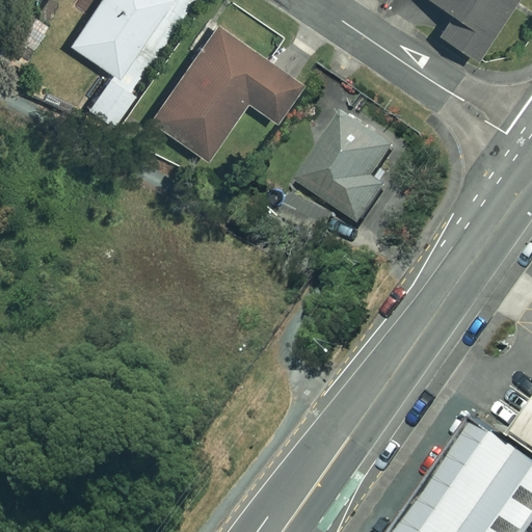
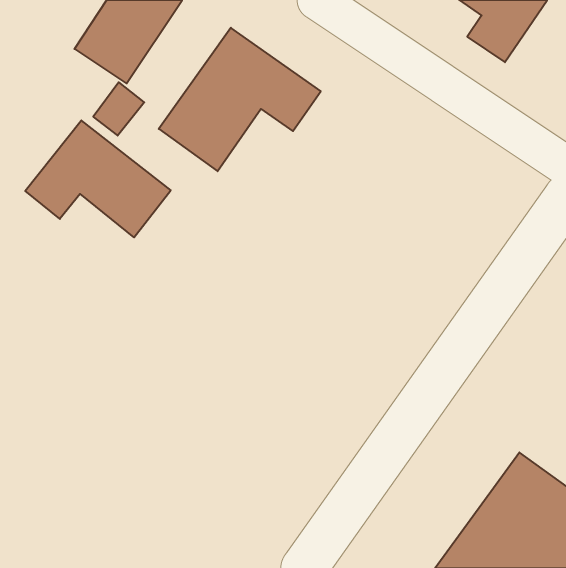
building: none -> [25,120,171,237]
building: [283,114,402,243] -> none

